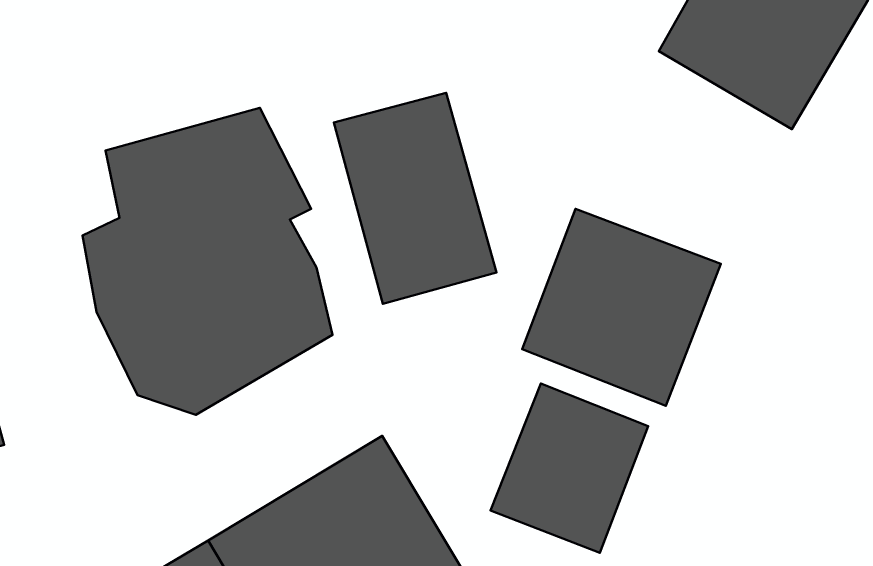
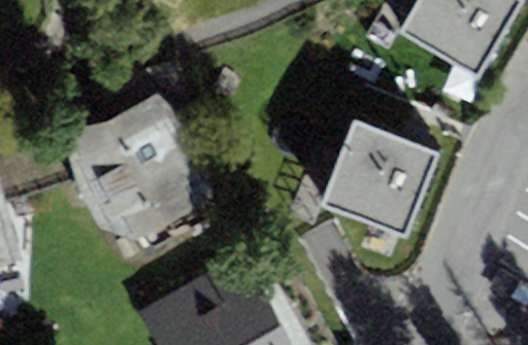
building: [334,93,496,304] -> none
building: [491,383,648,553] -> none

